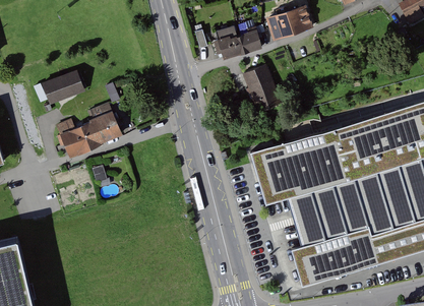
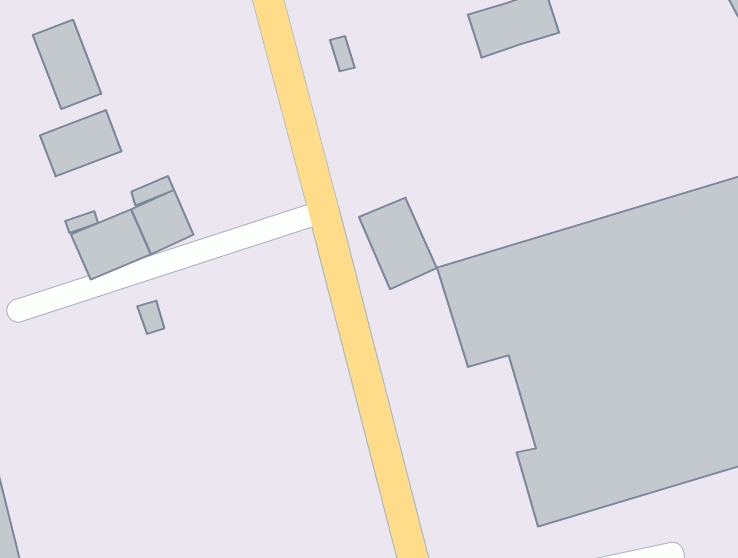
building: none -> [33,20,101,109]
building: [215,25,261,56] -> none
building: [243,63,284,111] -> [359,198,437,289]

